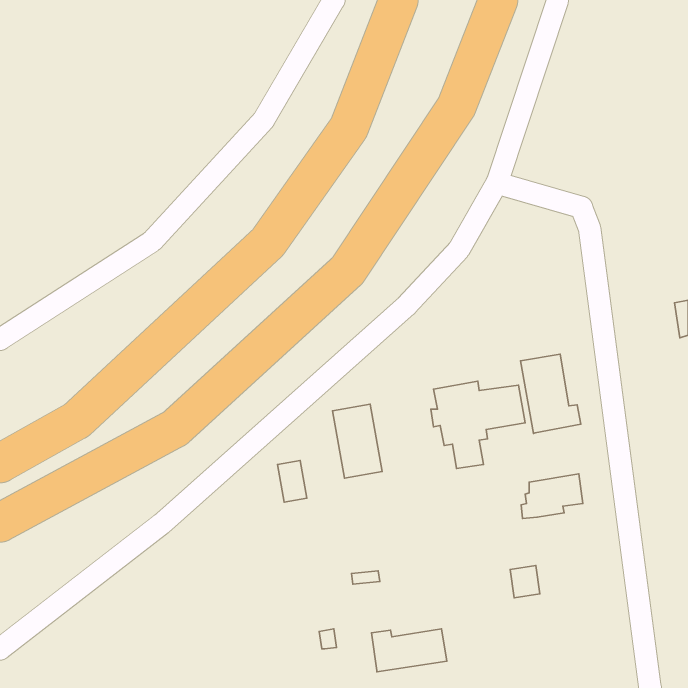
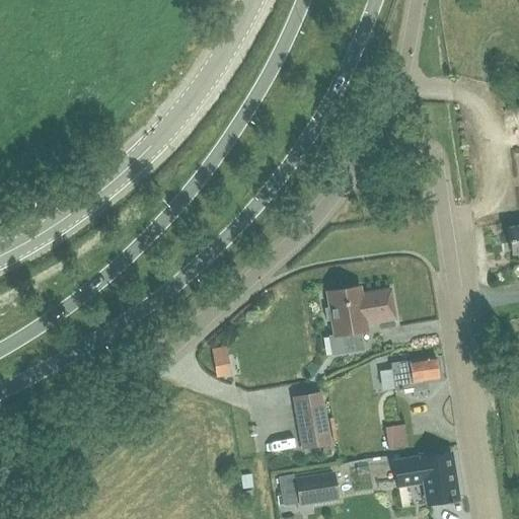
building: [521,354,581,433] -> none
building: [332,404,382,478] -> [291,387,328,443]
building: none -> [393,453,458,504]

